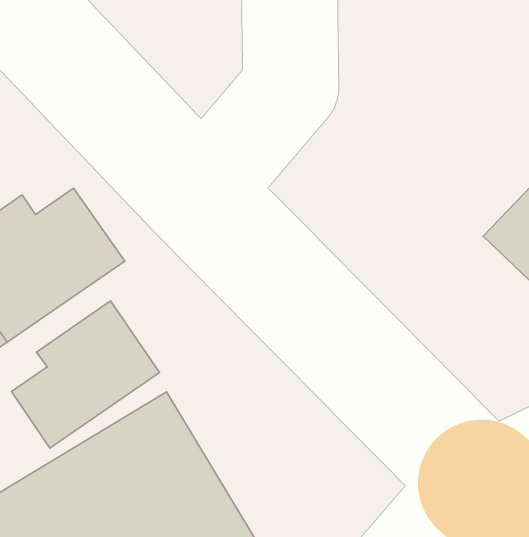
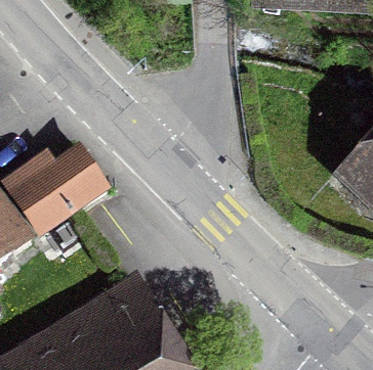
building: [12,301,160,448] -> none

